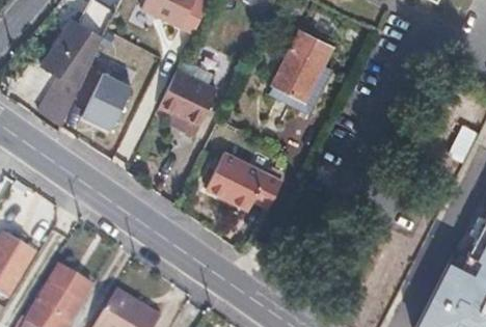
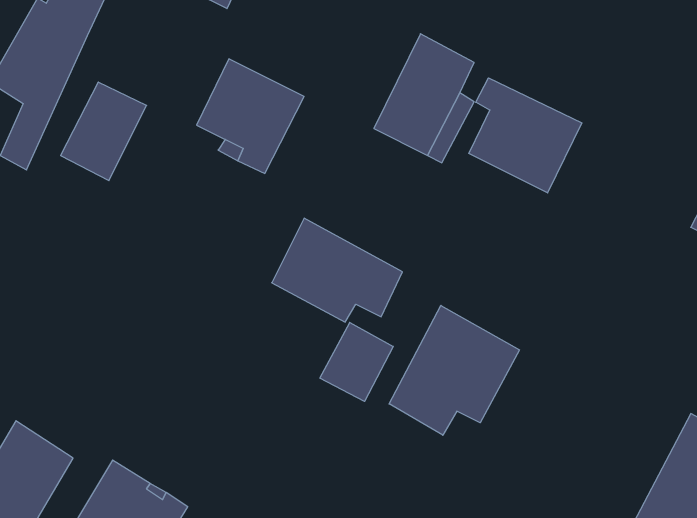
building: none -> [469,78,582,193]
building: none -> [389,305,519,435]
building: none -> [320,322,393,401]

